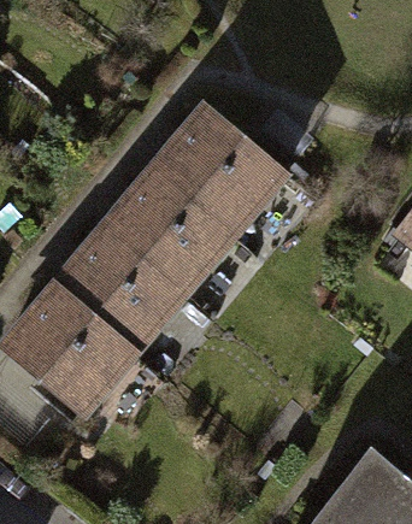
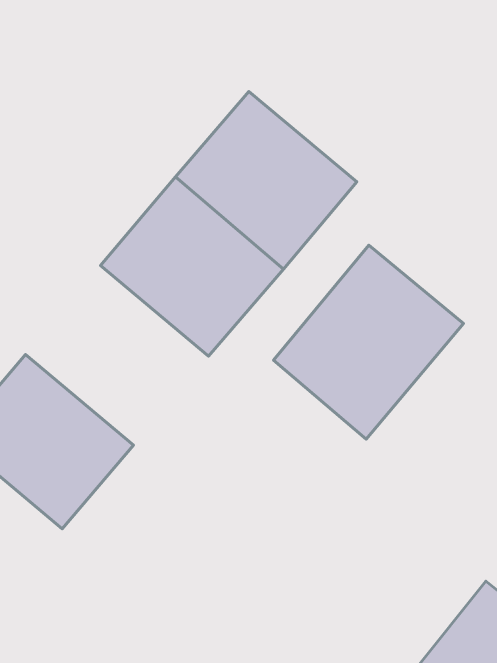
building: none -> [273,245,464,439]
building: [52,230,178,354] -> none

